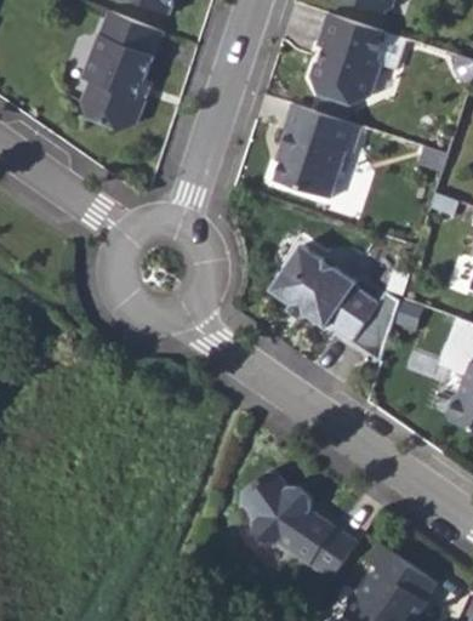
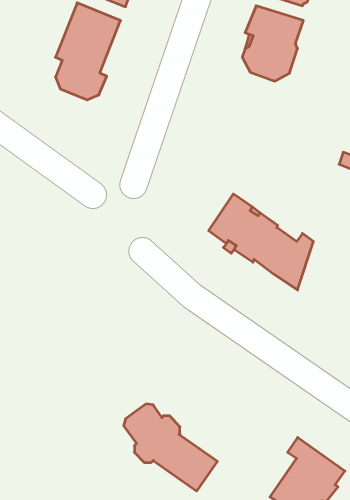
building: [274,103,361,198] -> none
building: [240,472,355,579] -> [124,404,217,491]

